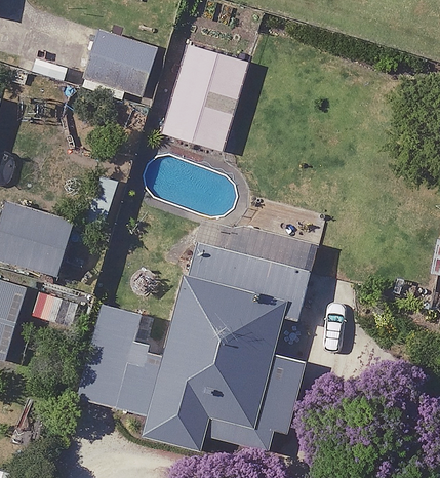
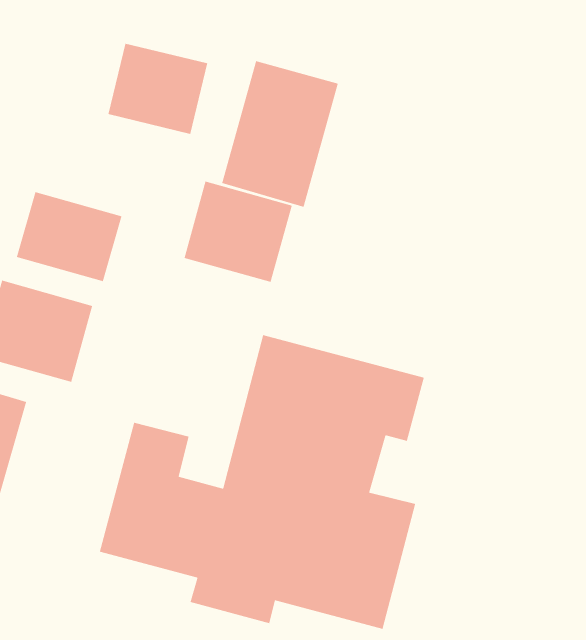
building: none -> [183,181,293,283]
building: none -> [16,191,122,282]

